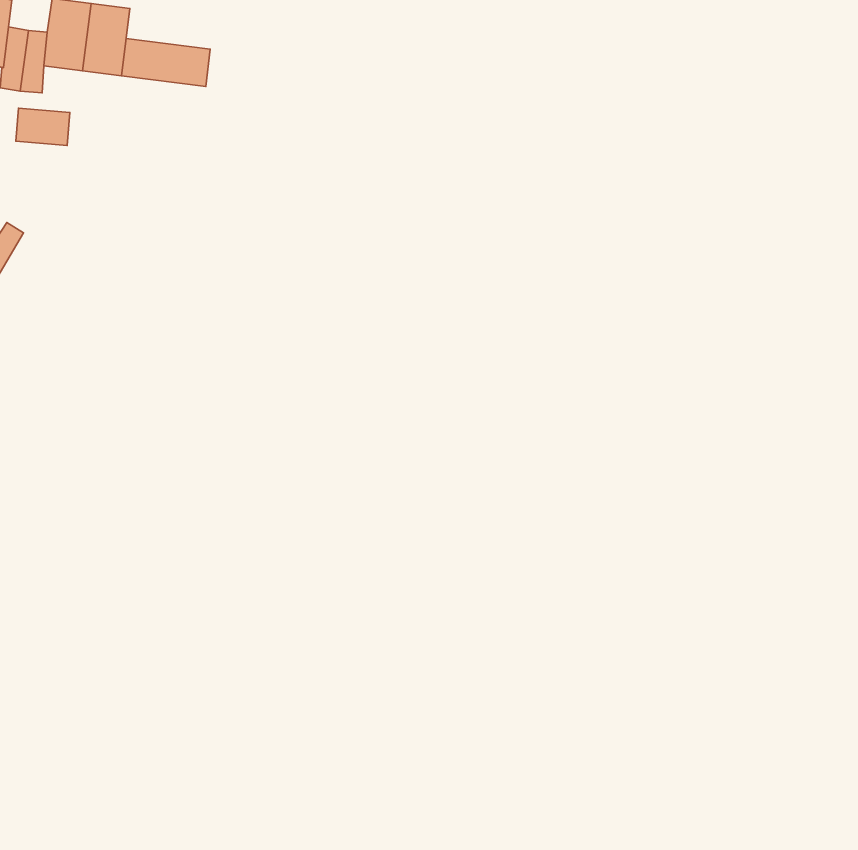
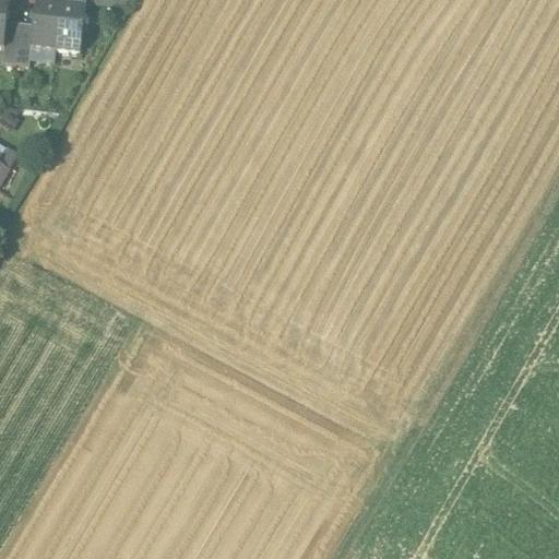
building: [122,39,210,86] -> none
building: [16,108,70,145] -> none

